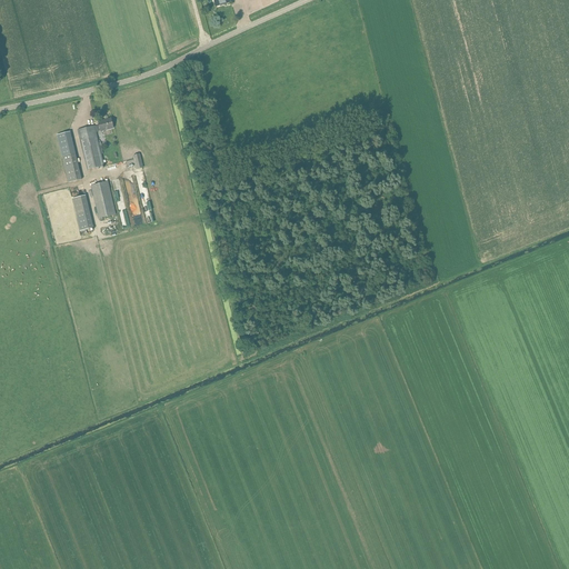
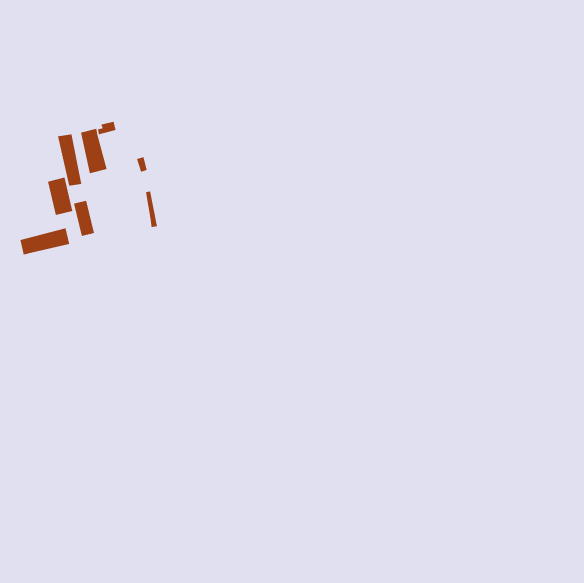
building: [90,180,116,218] -> [47,177,73,216]
building: none -> [20,227,70,256]

